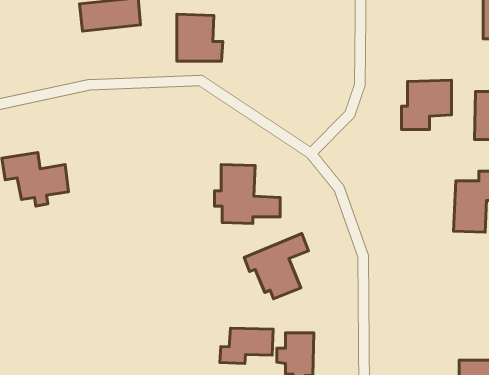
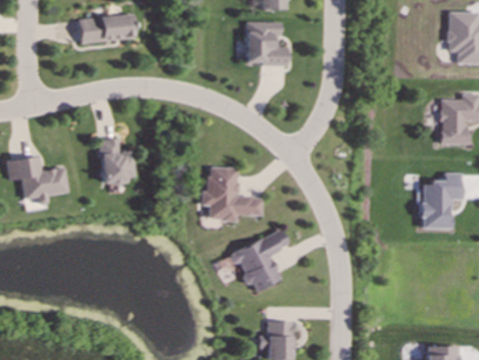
building: [177,14,223,61] -> [247,21,289,64]
building: [401,80,452,130] -> none
building: none -> [100,138,135,184]
building: [220,328,273,363] -> none

